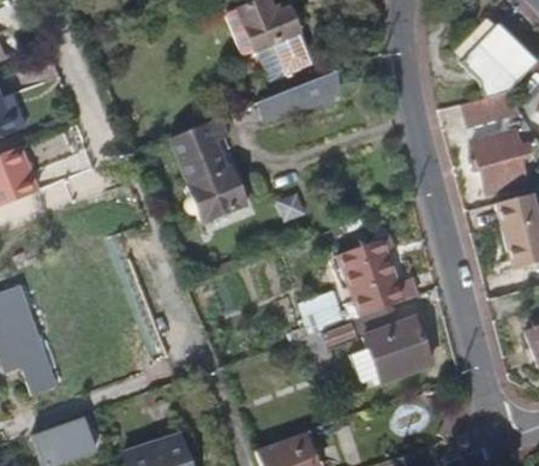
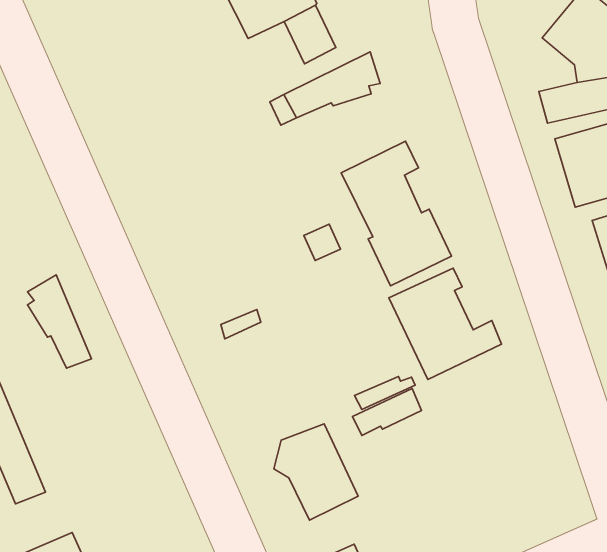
building: [173,116,251,223] -> [341,141,452,286]
building: none -> [27,275,92,368]
building: [364,318,432,383] -> none
building: none -> [274,424,358,520]

